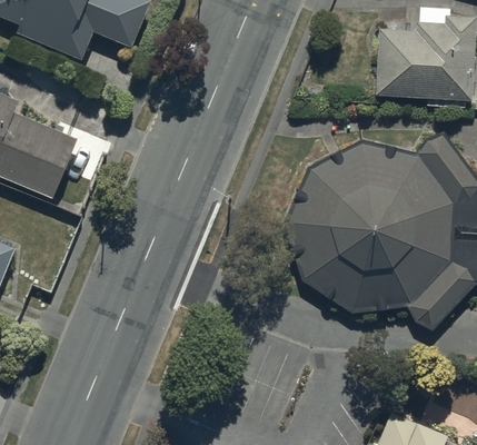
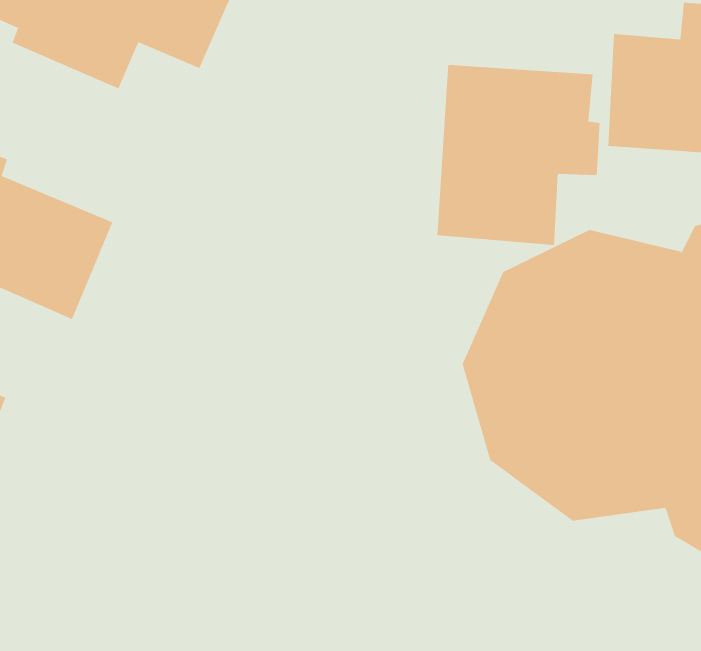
building: none -> [437,64,600,246]

